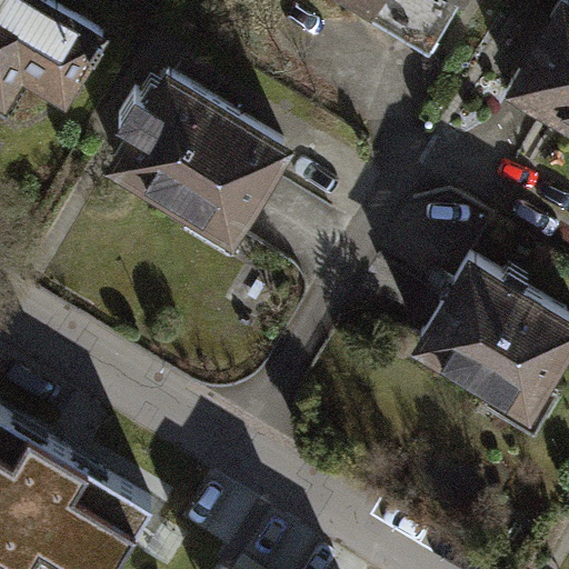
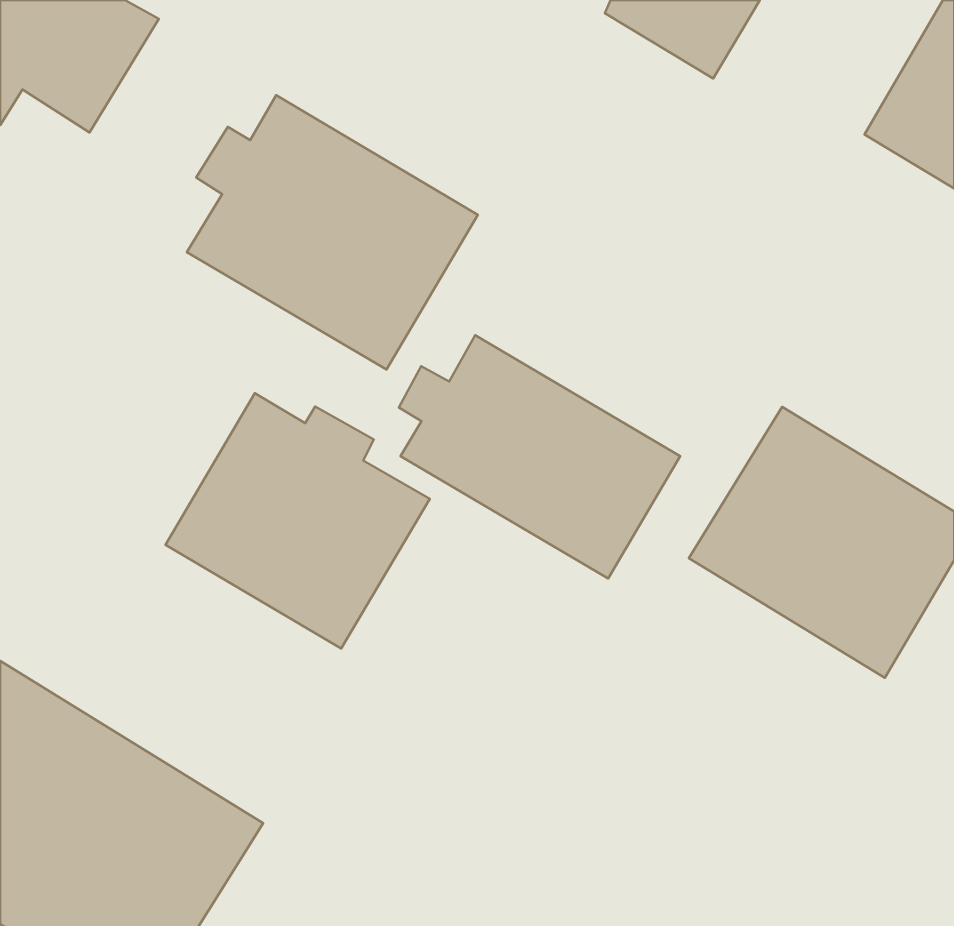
building: none -> [399,335,680,578]
building: none -> [166,393,430,648]

